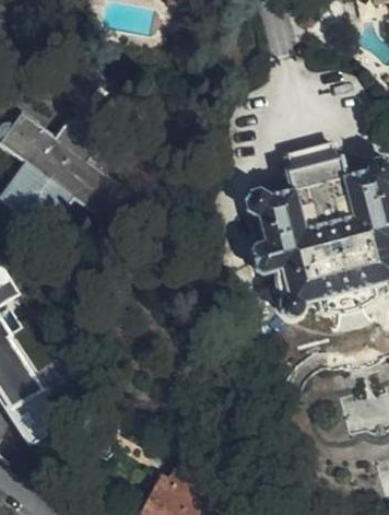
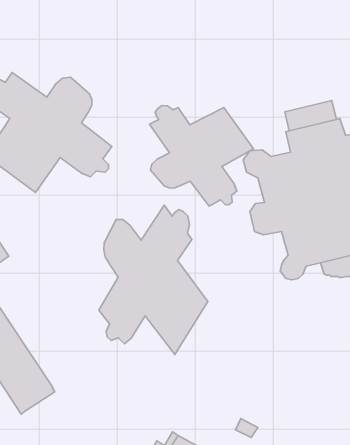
building: none -> [150,106,253,206]
building: none -> [99,205,208,354]

